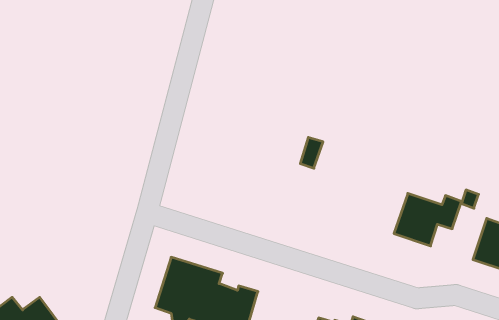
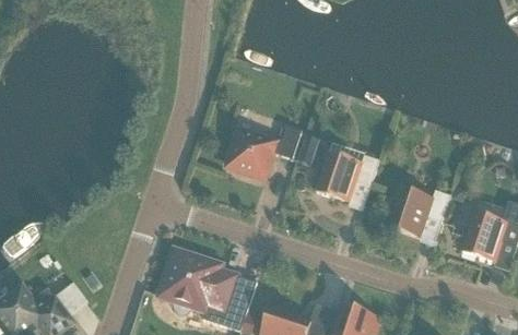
building: none -> [227,127,303,178]
building: none -> [316,151,380,201]

